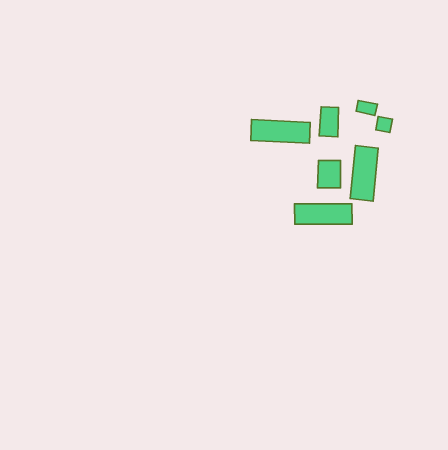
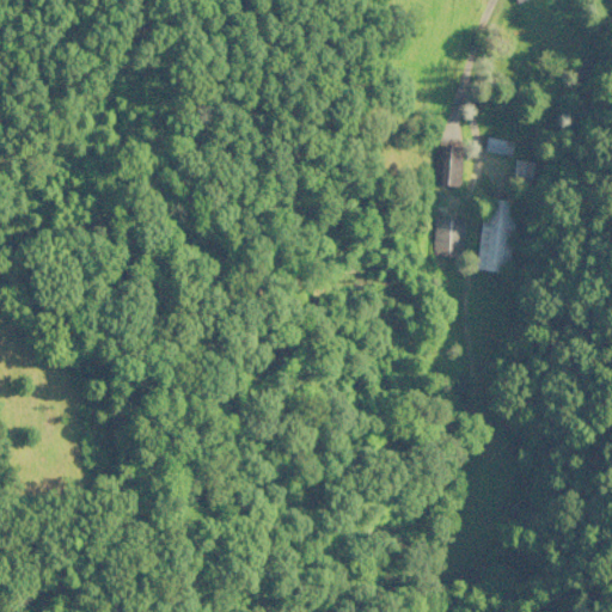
building: [251,120,310,143] -> none
building: [294,204,352,224] -> none

